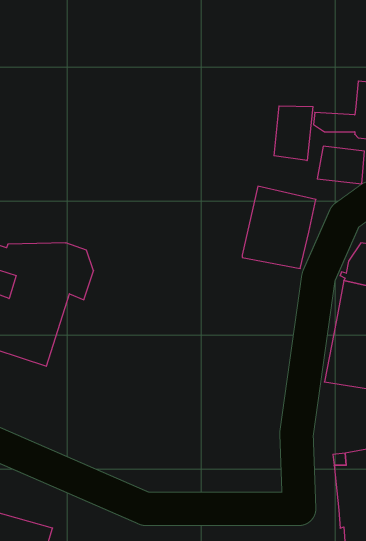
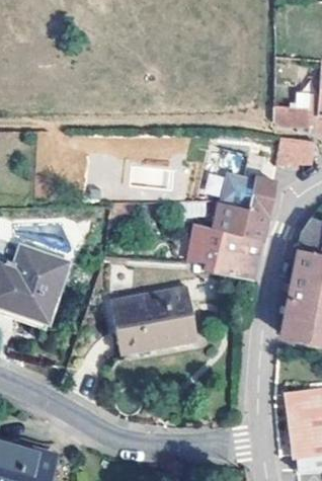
building: [274,106,313,161] -> none
building: none -> [193,226,260,282]
building: none -> [111,288,197,354]

